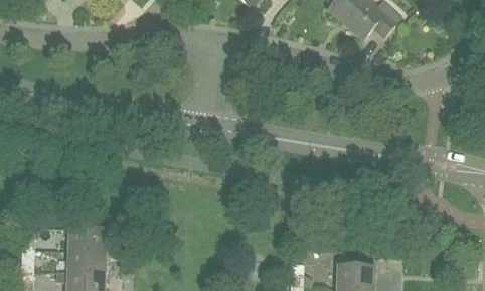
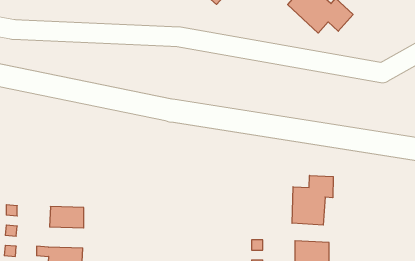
building: none -> [292,175,333,225]
building: [68,250,107,273] -> none

